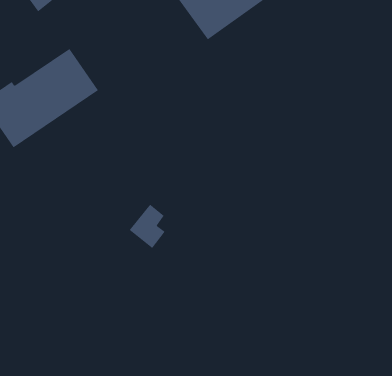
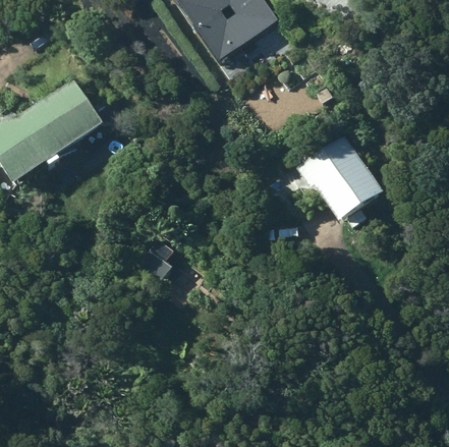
building: none -> [291,130,378,222]

